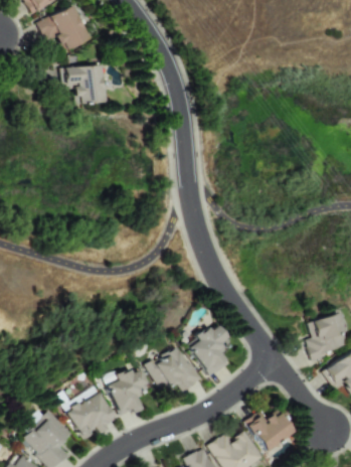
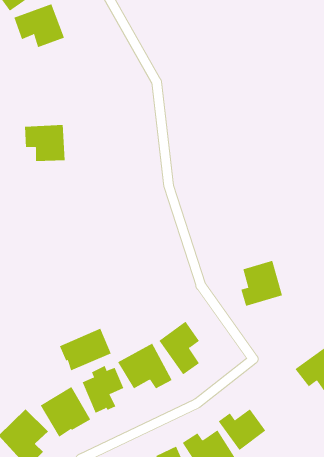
building: [64,65,106,103] -> [24,124,65,162]
building: [304,312,346,358] -> [241,260,283,306]
building: none -> [59,328,111,371]

